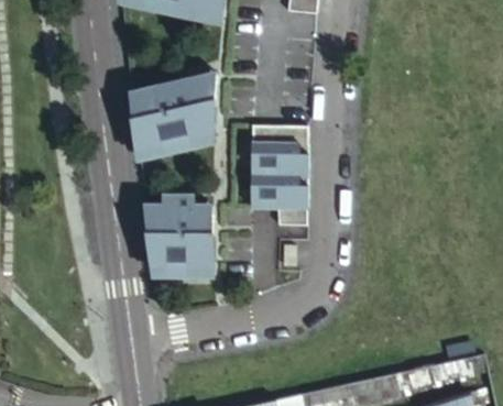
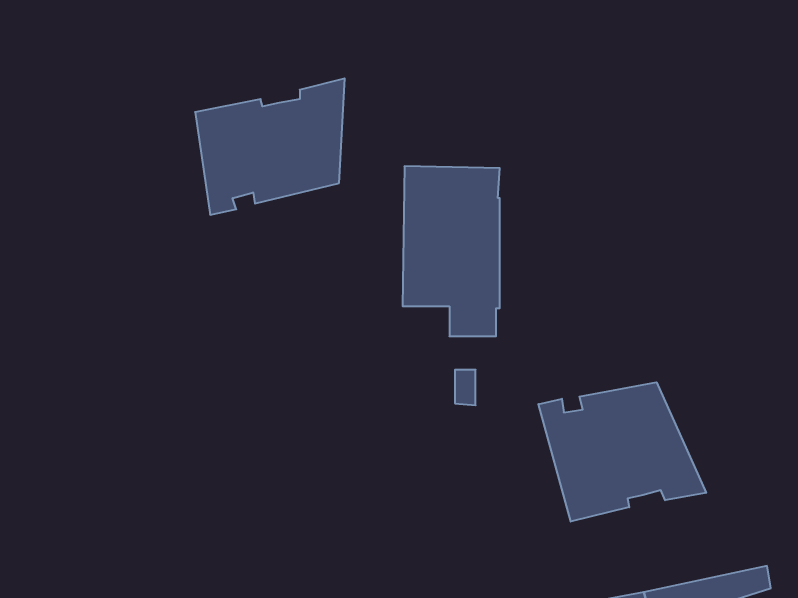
building: [142,197,212,271] -> none
building: none -> [538,382,706,522]

